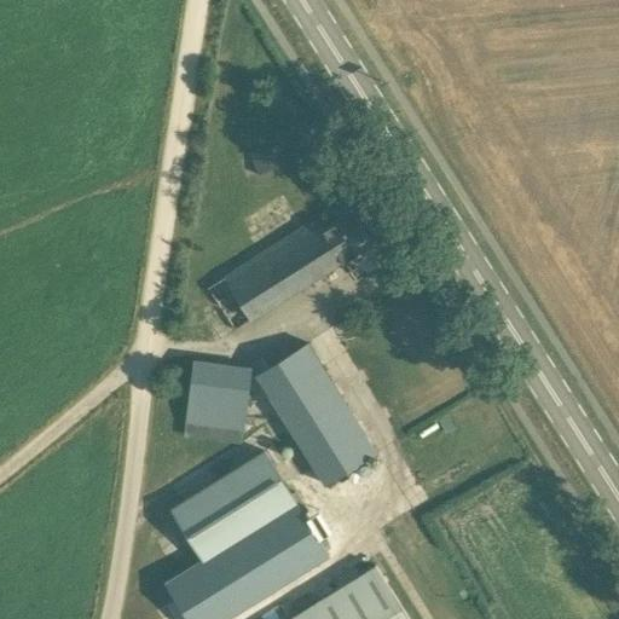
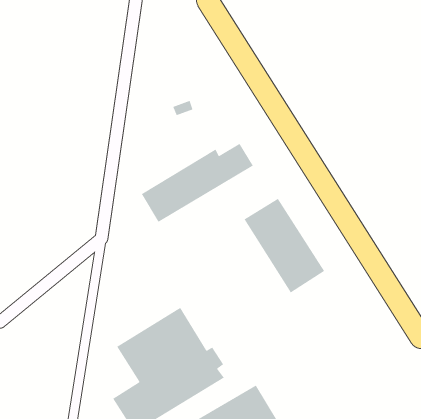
building: [256,346,376,486] -> [244,198,325,294]
building: [186,364,251,432] -> none

